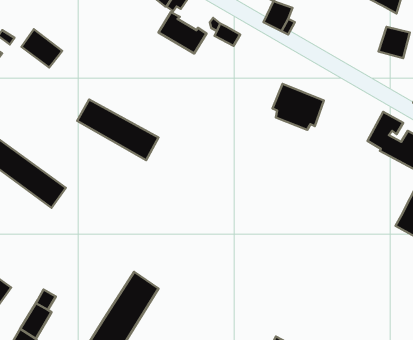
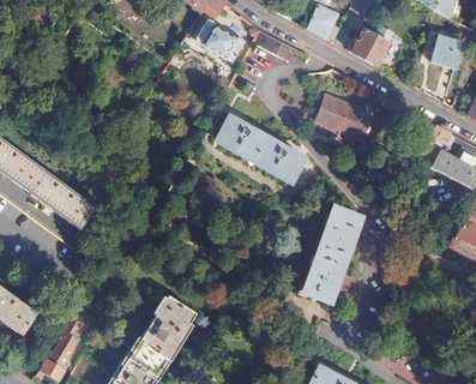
building: none -> [350,19,390,66]
building: [21,29,62,67] -> none
building: [77,100,159,160] -> [216,116,303,181]
building: none -> [301,208,361,304]

